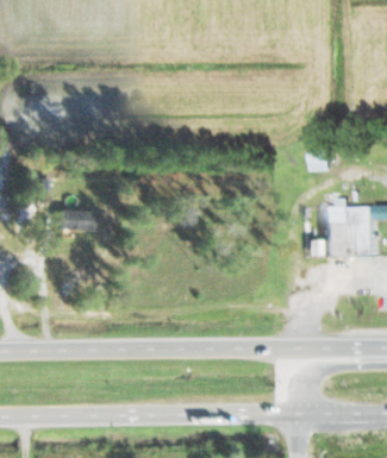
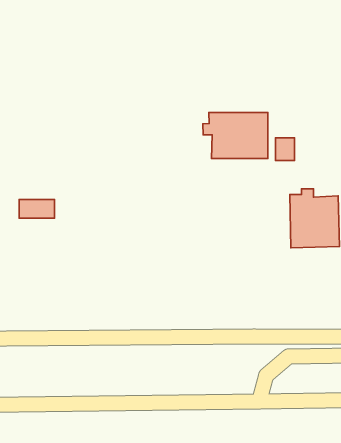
building: none -> [203,112,268,158]

